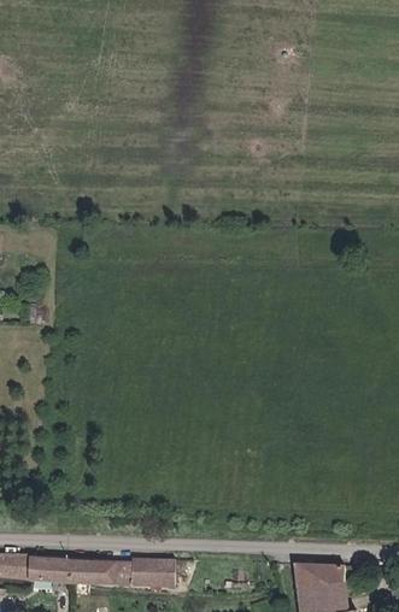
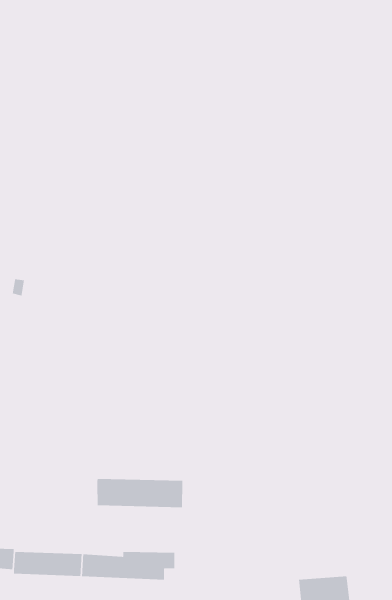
building: none -> [97,478,183,508]
building: [293,565,342,585] -> none

